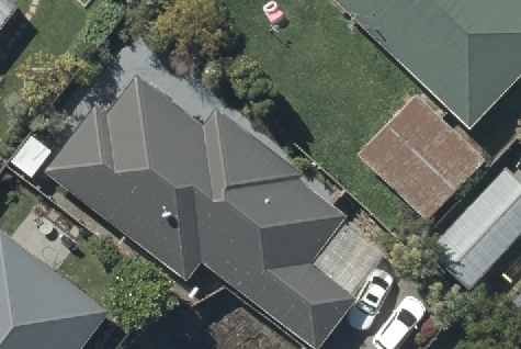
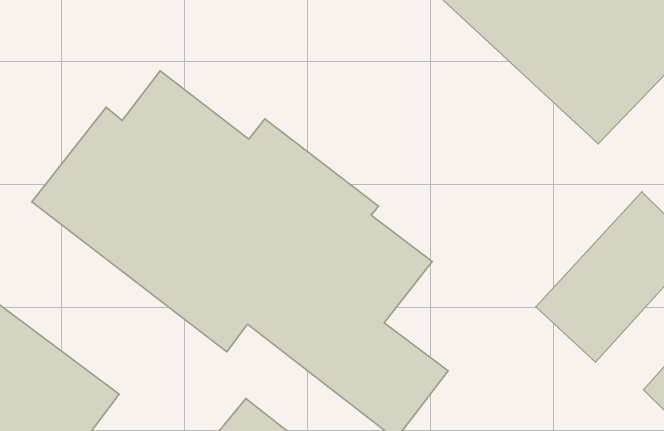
building: [360,95,486,222] -> none

